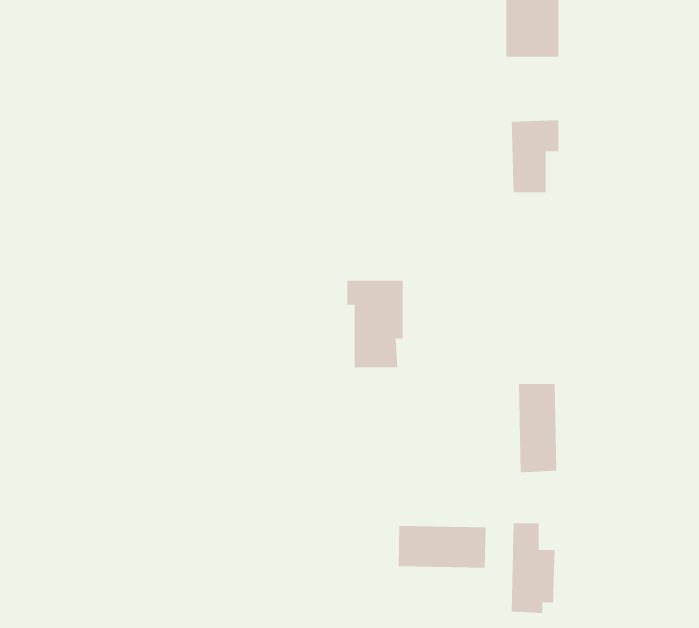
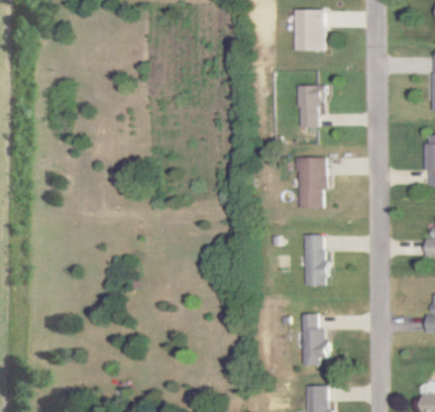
building: [347,280,404,368] -> [295,158,327,207]
building: [398,525,486,568] -> none

